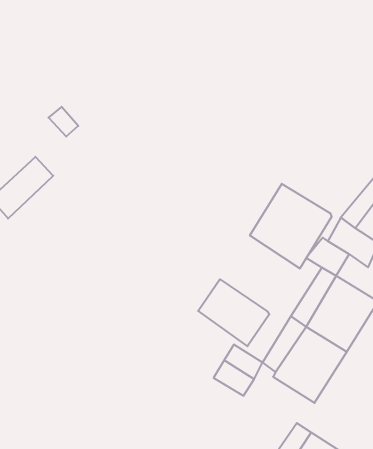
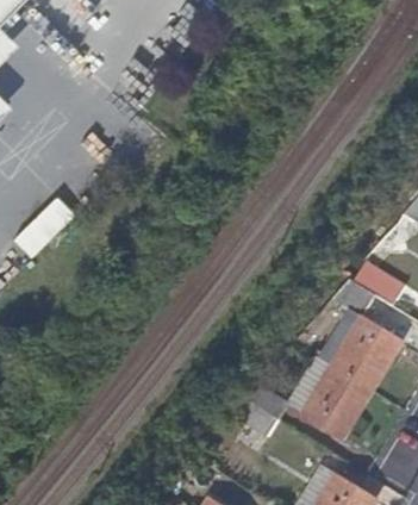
building: [250,184,332,269] -> none
building: [198,279,269,346] -> none

